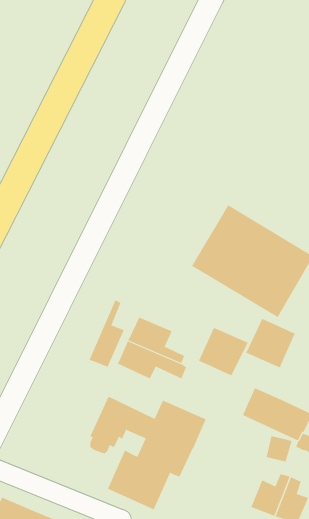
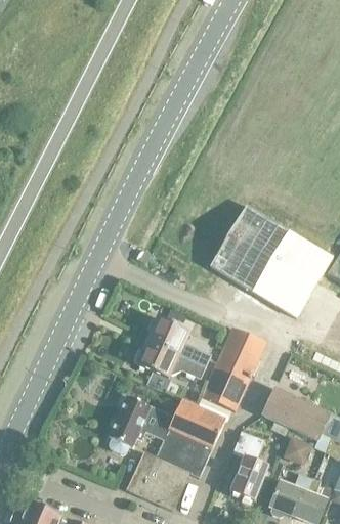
building: [89,299,124,367] -> none
building: [245,318,296,368] -> [201,361,251,411]
building: none -> [230,431,269,501]

